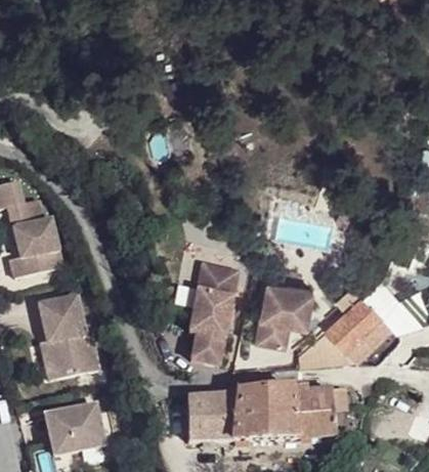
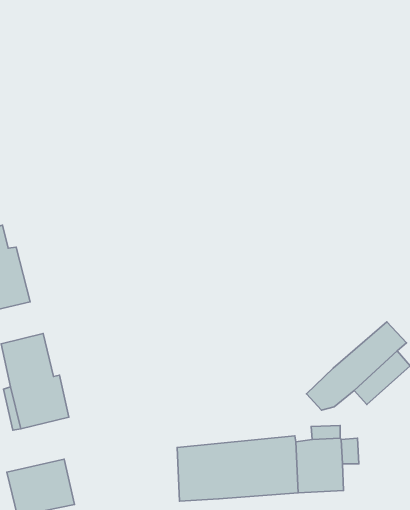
building: [192,261,242,362] -> none
building: [260,277,316,342] -> none

